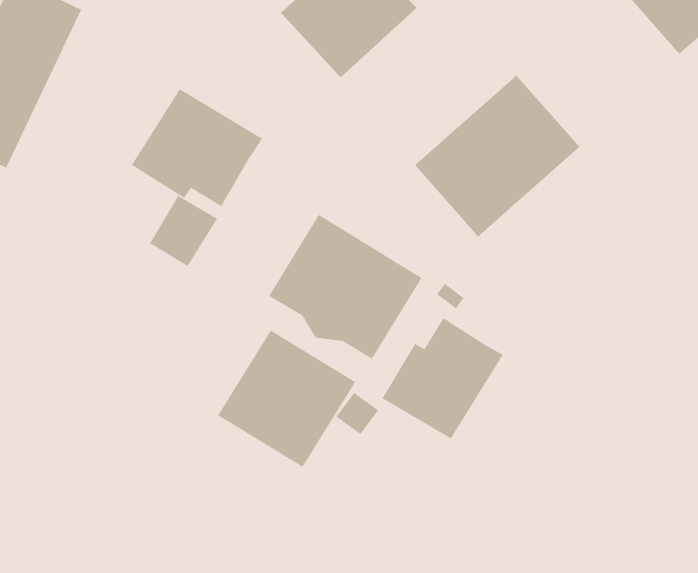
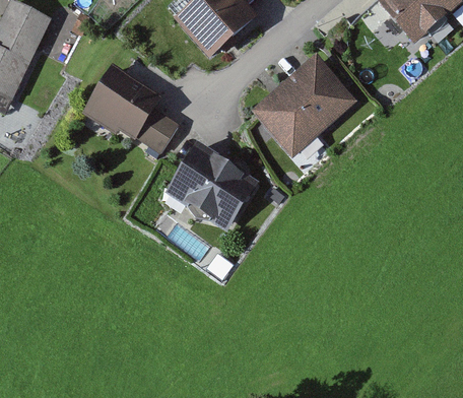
building: [149,195,218,267] -> [136,108,178,151]
building: [381,317,504,439] -> none
building: [217,329,356,468] -> none

